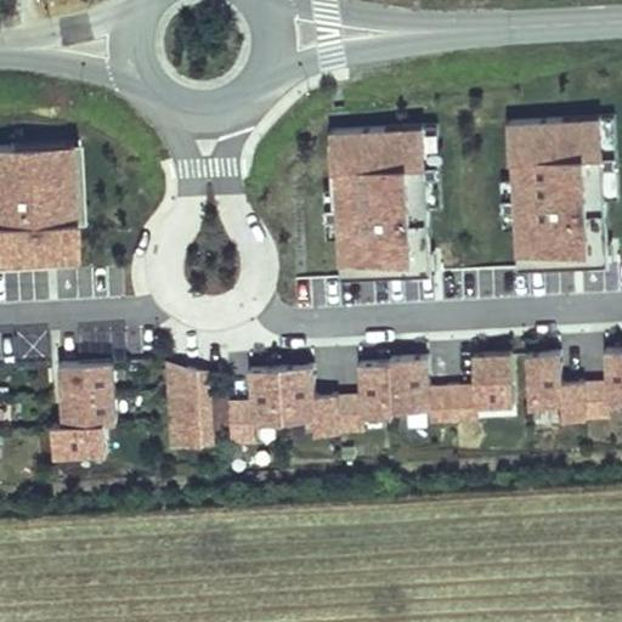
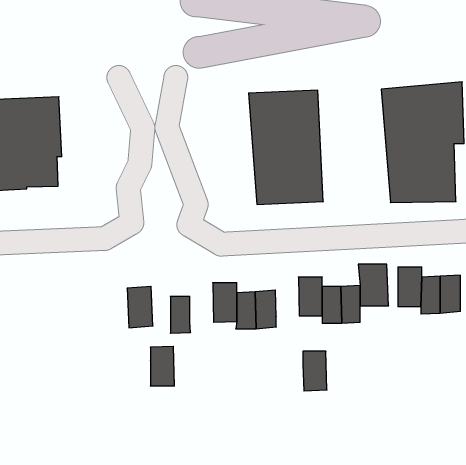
building: [52,354,117,449] -> none
building: [363,373,395,425] -> [303,351,327,391]
building: [250,380,282,432] -> [150,346,174,386]

